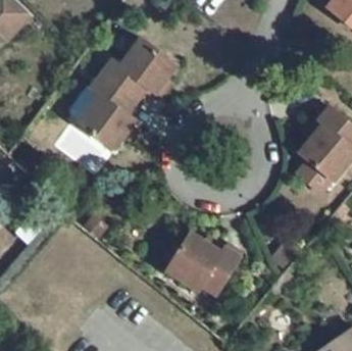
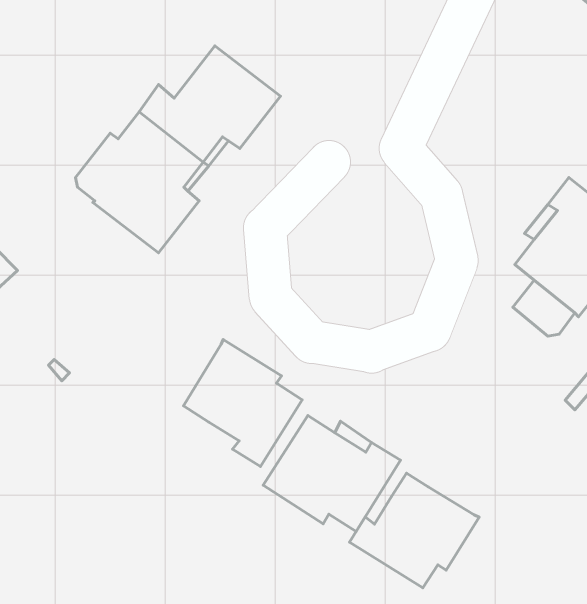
building: none -> [183,340,302,467]
building: none -> [349,473,479,588]

